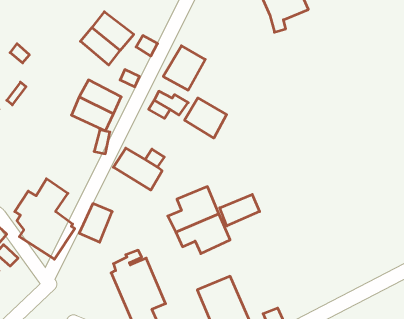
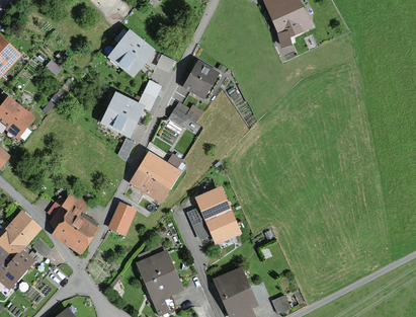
building: [185,98,227,138] -> none
building: none -> [129,169,171,205]
building: [220,194,260,226] -> none

